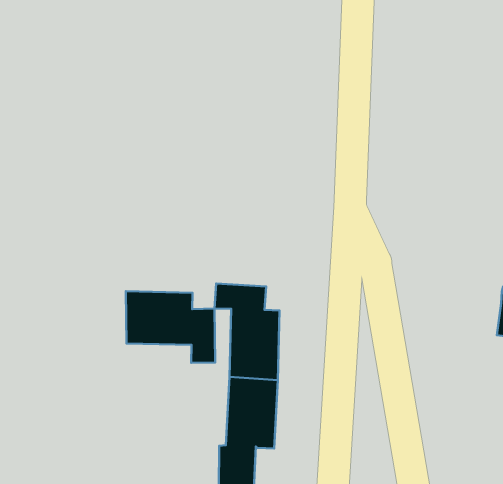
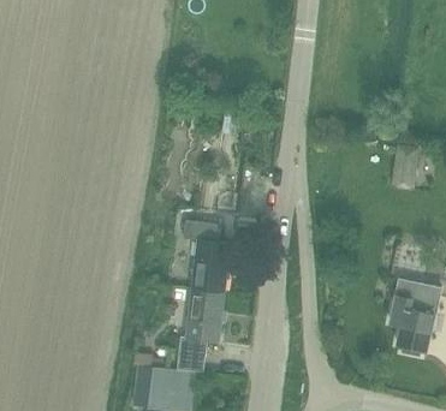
building: [126,291,215,363] -> none

